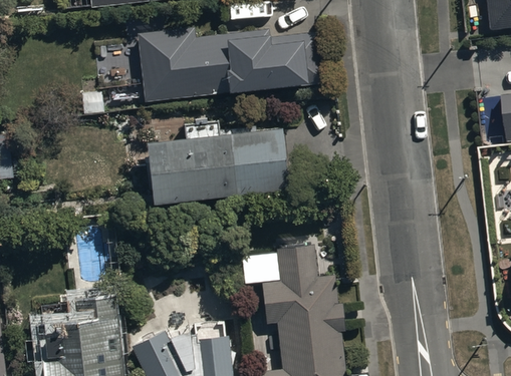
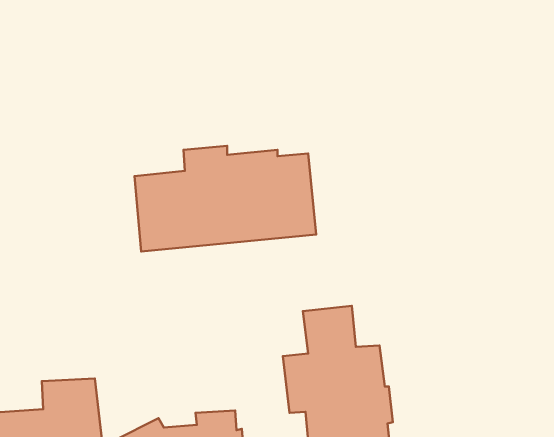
building: [136,29,323,102] -> none

